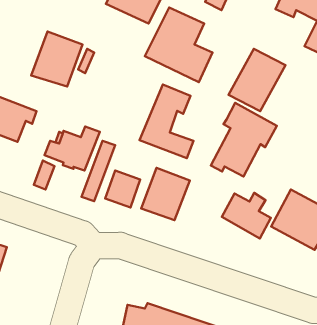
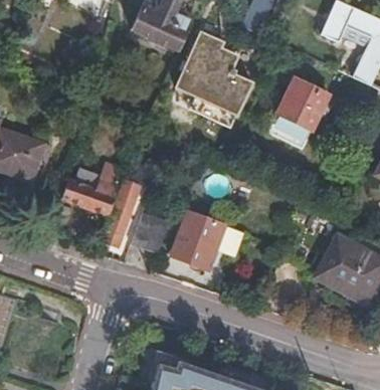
building: [31,31,83,87] -> none
building: [139,84,194,158] -> none
building: [211,103,277,176] -> none
building: [222,193,271,238] -> none

